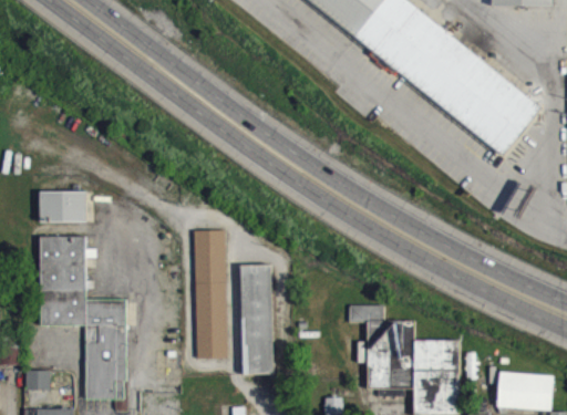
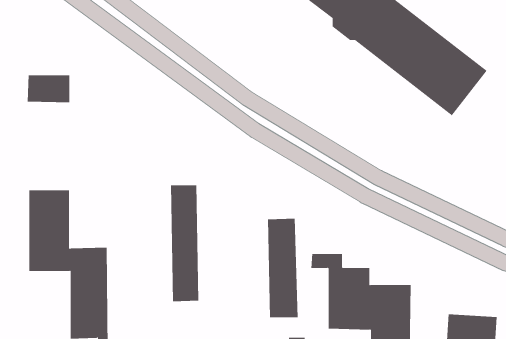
building: [38,191,85,222] -> [27,75,70,103]
building: [239,264,274,374] -> [267,218,299,318]
building: [24,370,49,390] -> none

